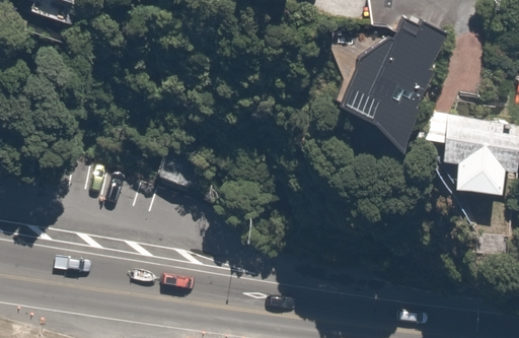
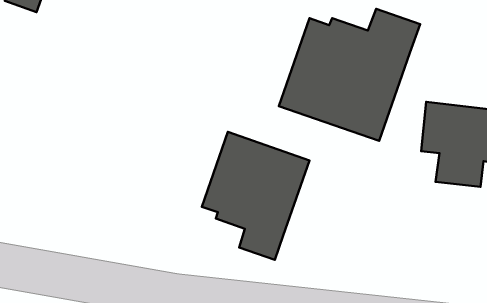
building: none -> [202,132,309,260]

